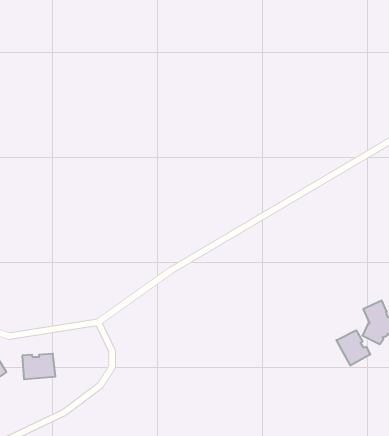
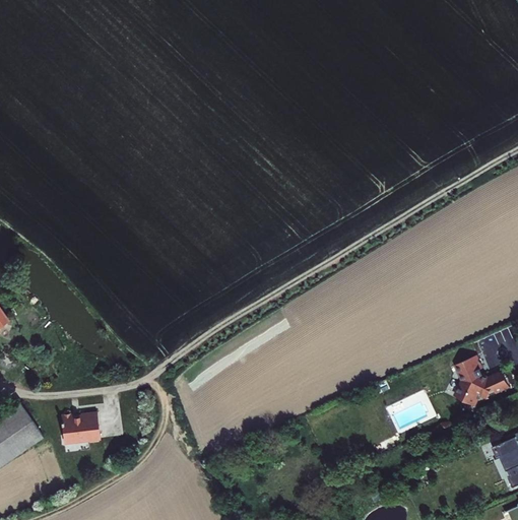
building: [336,330,370,366] -> none

